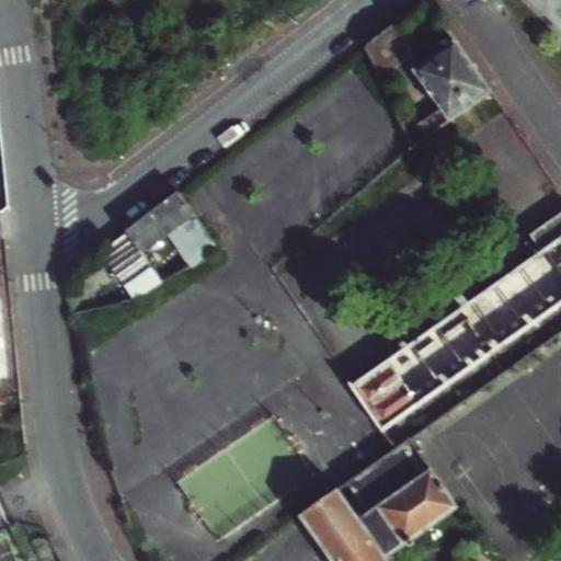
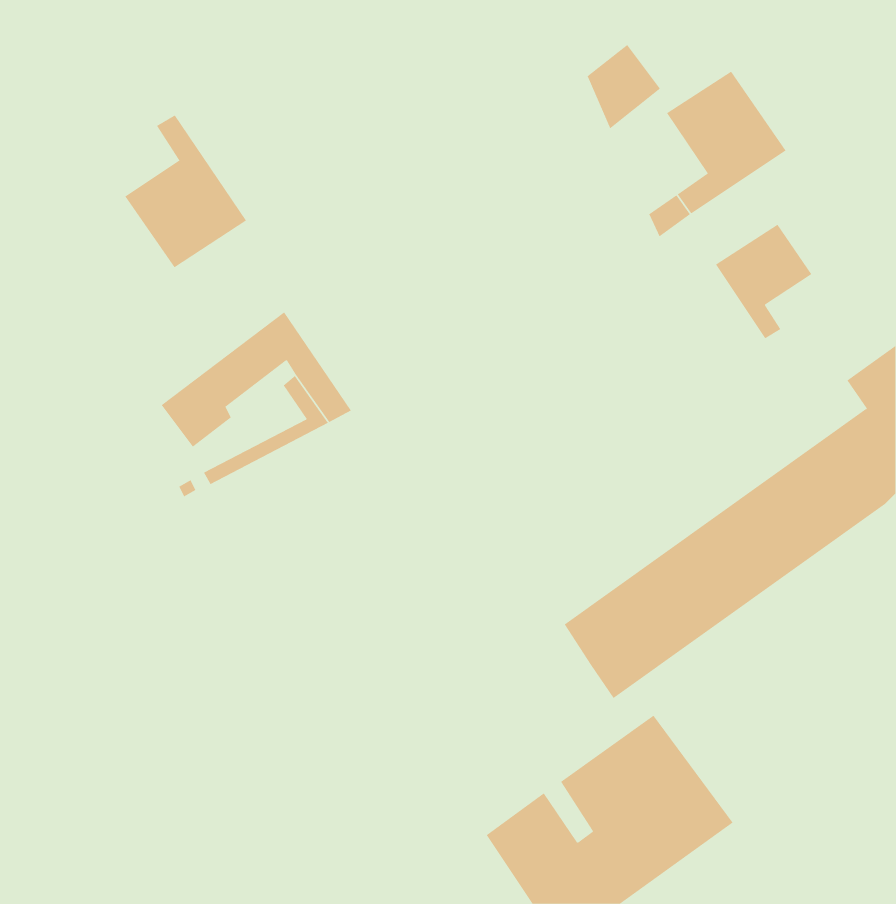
building: none -> [125,114,247,268]
building: none -> [715,224,812,339]

